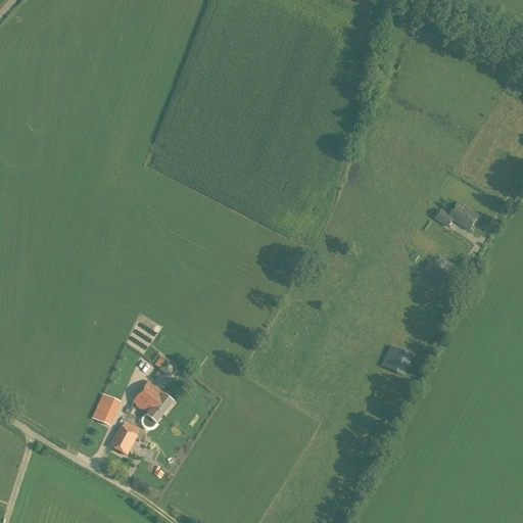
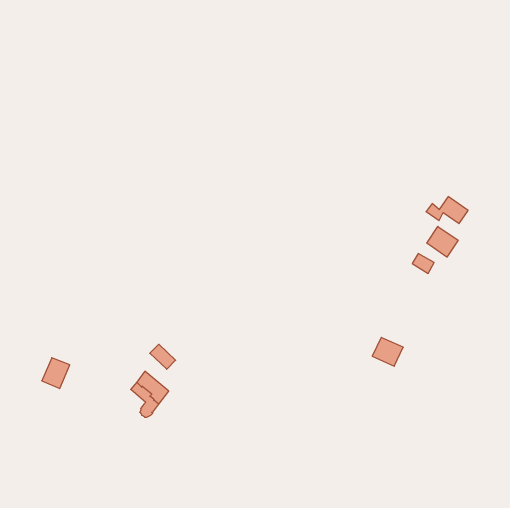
building: none -> [427,226,458,257]
building: [92,393,121,425] -> [42,358,70,389]
building: [109,425,137,455] -> none

